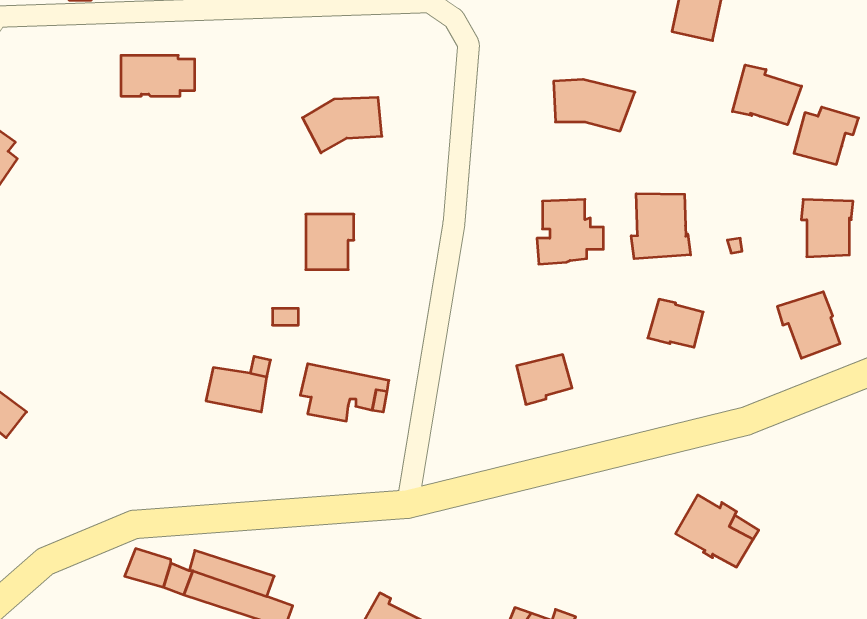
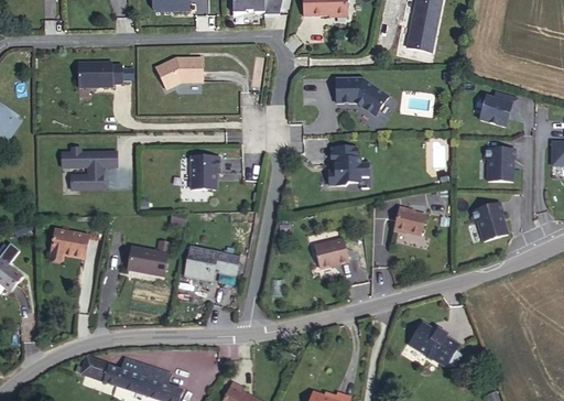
building: [732,65,802,125] -> none
building: [302,97,382,153] -> [156,55,204,88]
building: [631,194,691,259] -> none
building: none -> [62,147,117,188]
building: none -> [48,228,85,259]

